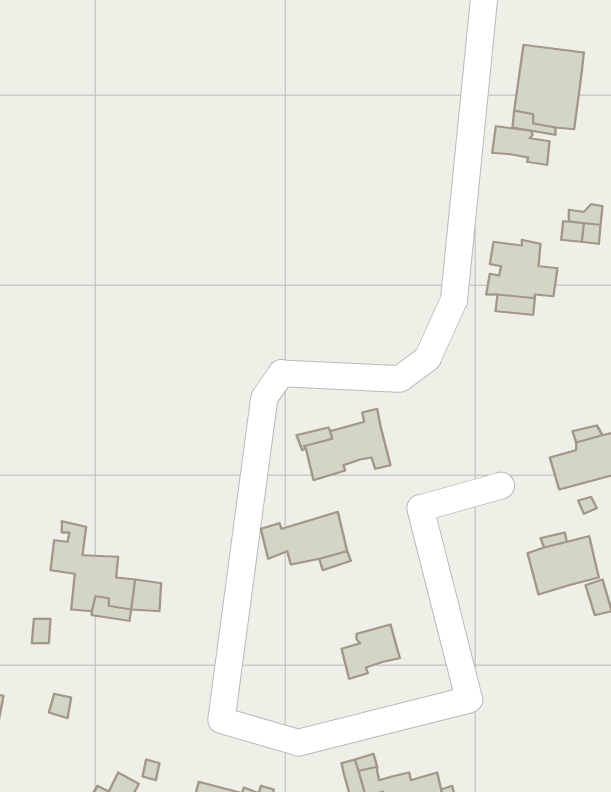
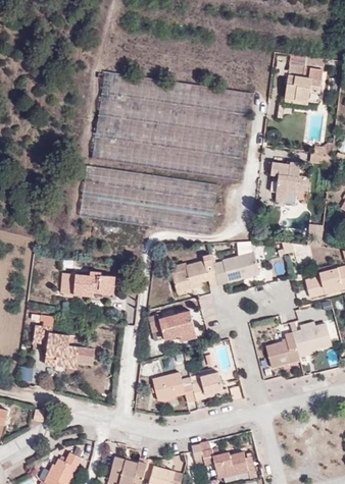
building: [492,126,549,165] -> none
building: none -> [213,252,260,284]
building: none -> [60,274,114,300]
building: none -> [266,332,301,368]
building: none -> [152,371,196,402]

